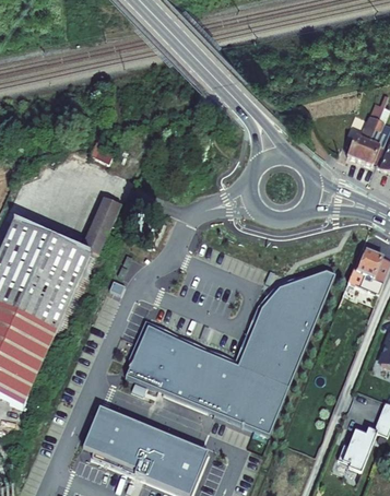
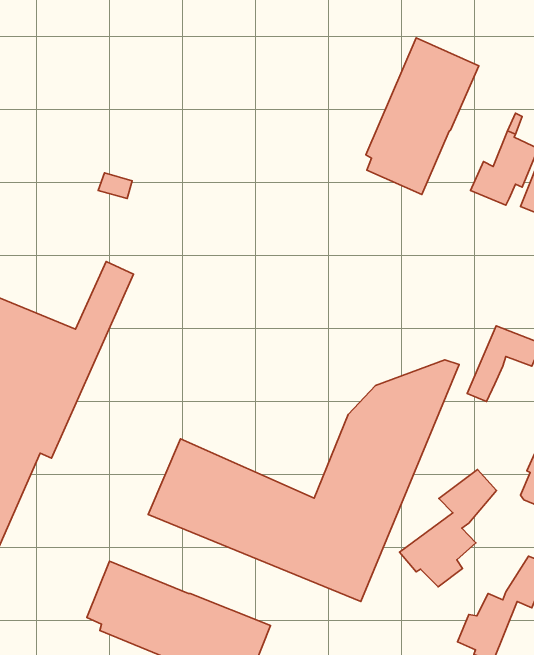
building: none -> [366,38,479,194]
building: none -> [400,470,497,587]

